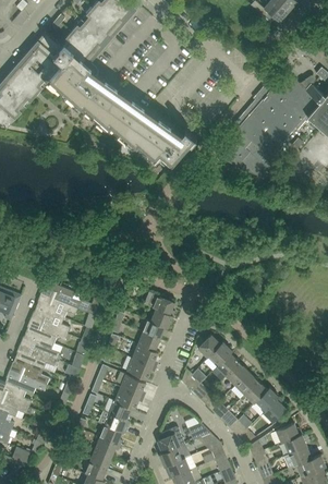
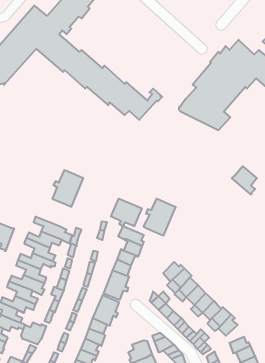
building: none -> [232,166,257,194]
building: none -> [53,170,83,207]
building: none -> [111,199,142,226]
building: none -> [144,199,176,236]
building: none -> [21,322,46,345]

